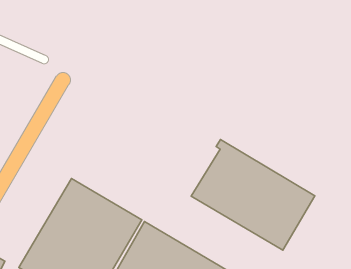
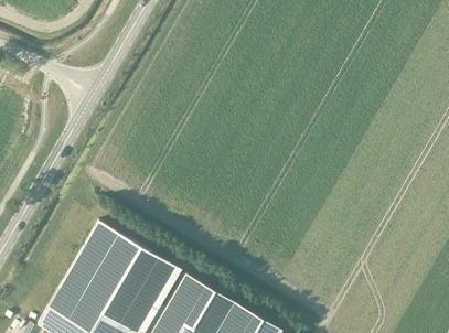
building: [191,140,315,250] -> none

